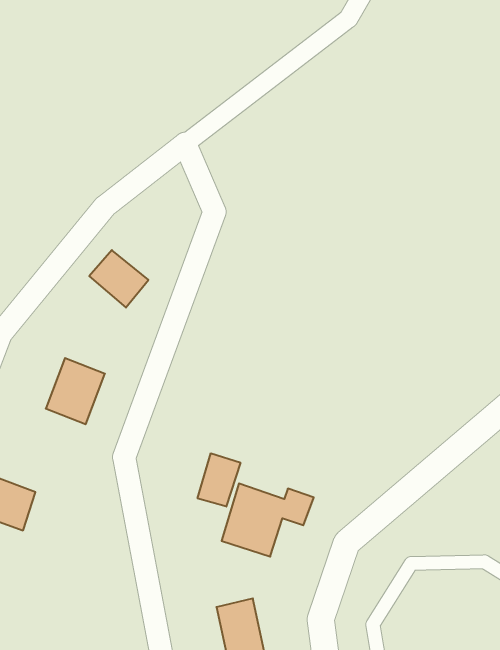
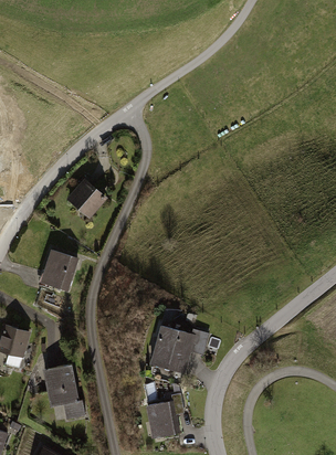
building: [198,453,240,507] -> none
building: none -> [43,366,85,420]

